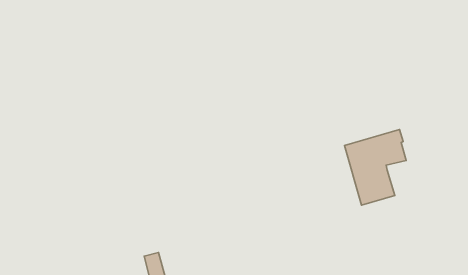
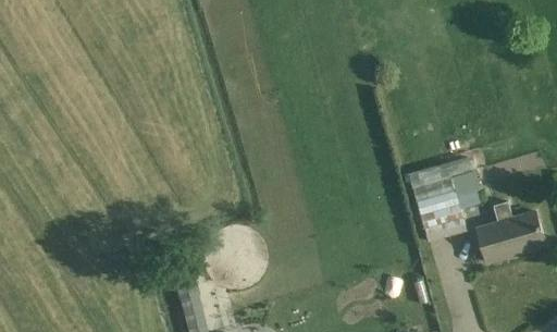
building: none -> [478,201,545,262]

